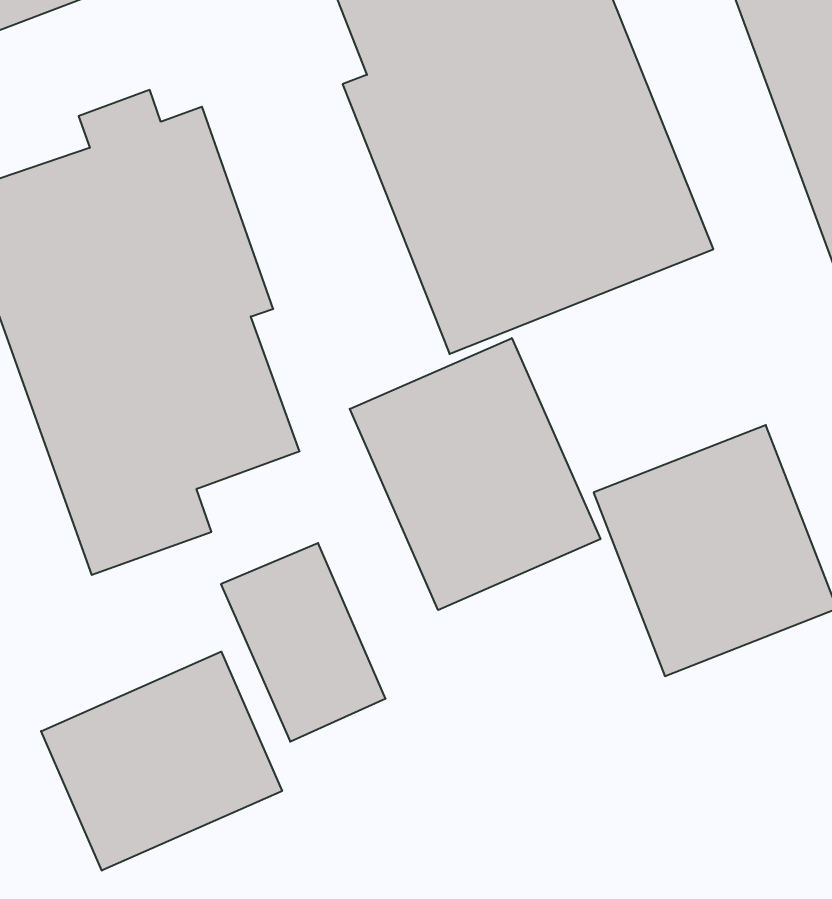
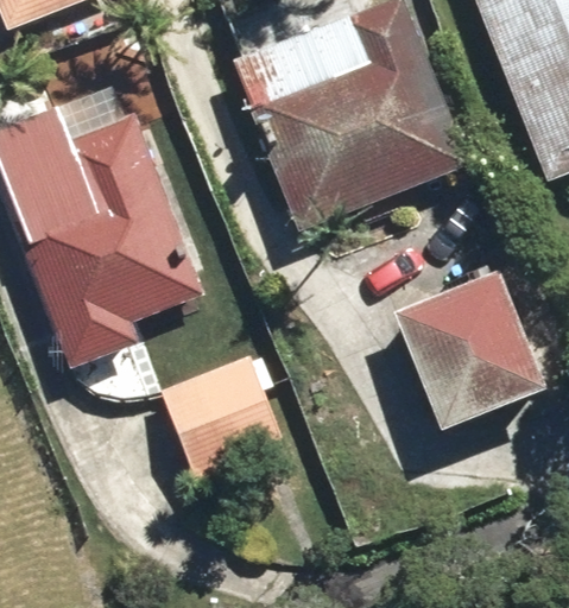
building: [350,338,600,610] -> none
building: [41,652,282,871] -> none

